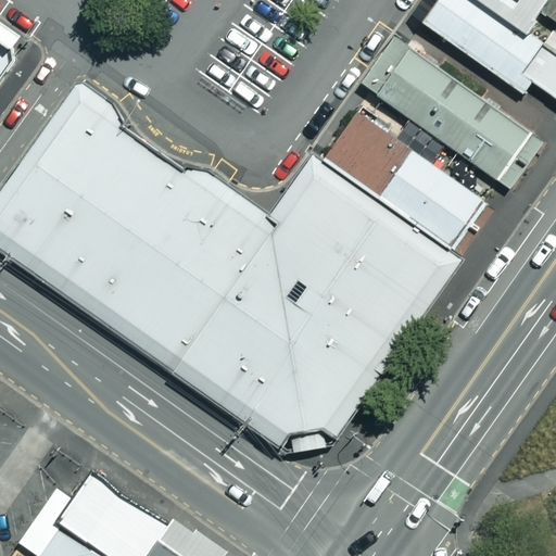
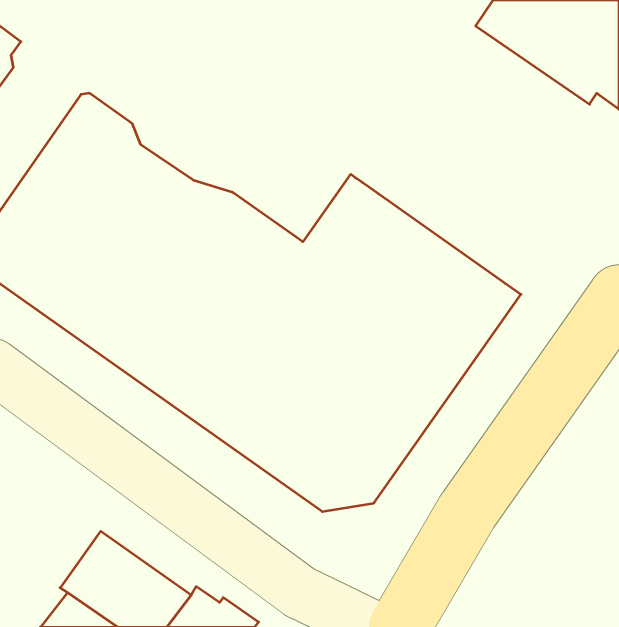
building: [375,48,529,179] -> none
building: [321,113,483,251] -> none

